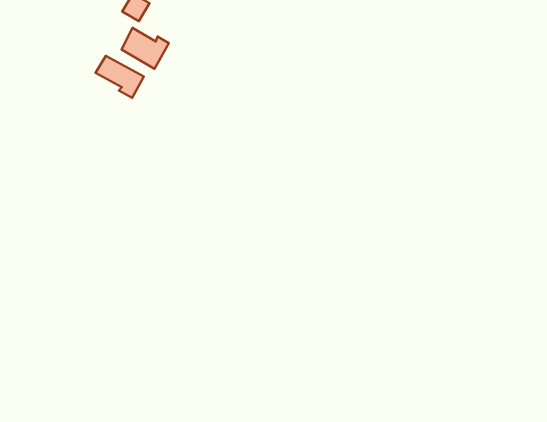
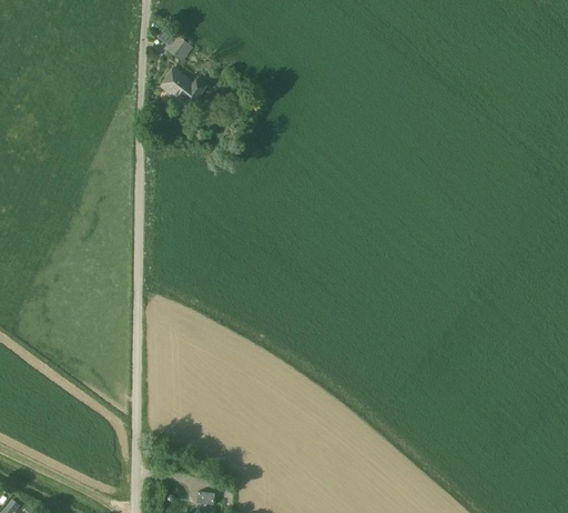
building: [95,56,144,98] -> none

